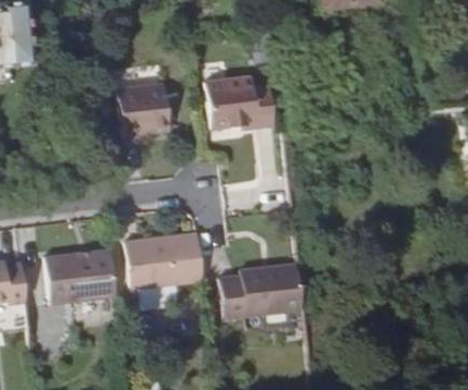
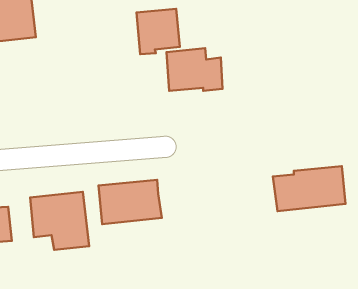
building: [118,88,169,142] -> [137,9,180,54]
building: [218,265,304,318] -> [273,166,346,211]

